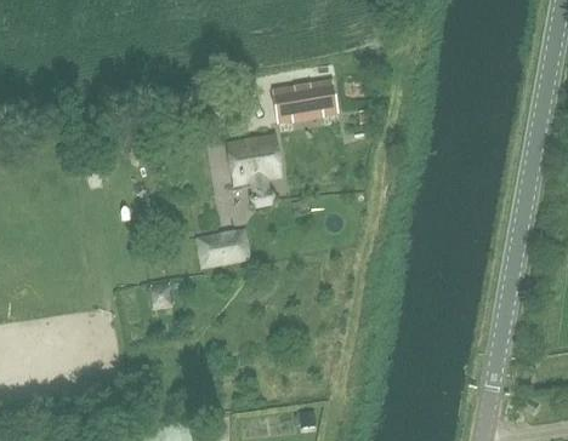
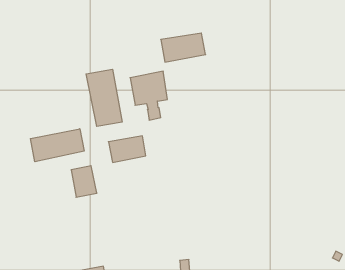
building: none -> [86,69,122,126]
building: none -> [30,129,84,162]

